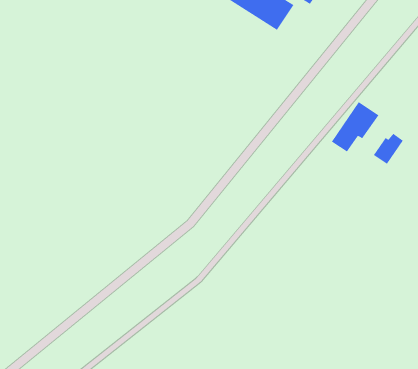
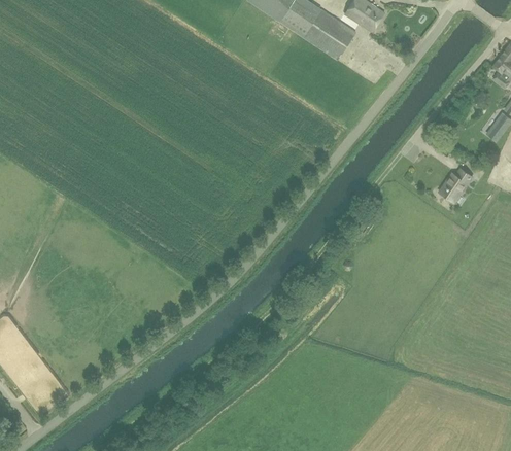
building: [331,101,379,152] -> none

